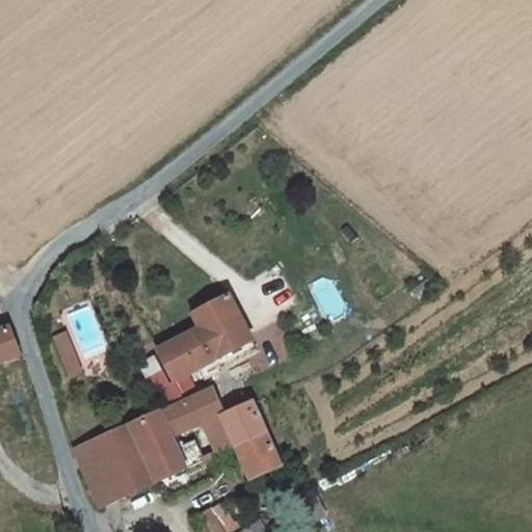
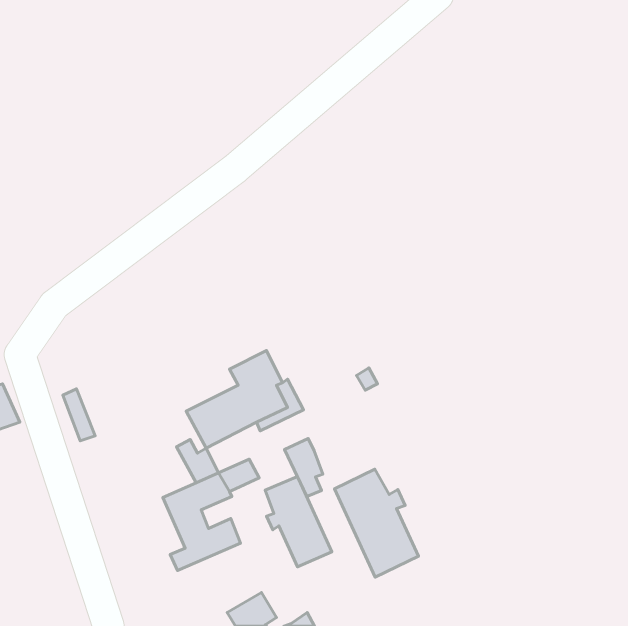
building: none -> [335,469,419,577]
building: [198,402,231,451] -> [285,439,323,497]
building: [78,419,156,503] -> none

